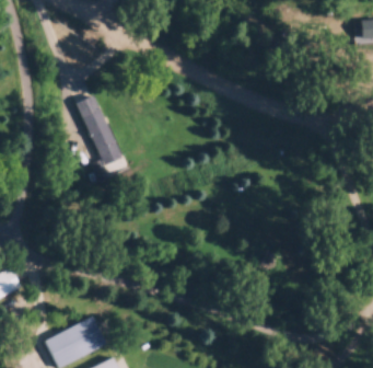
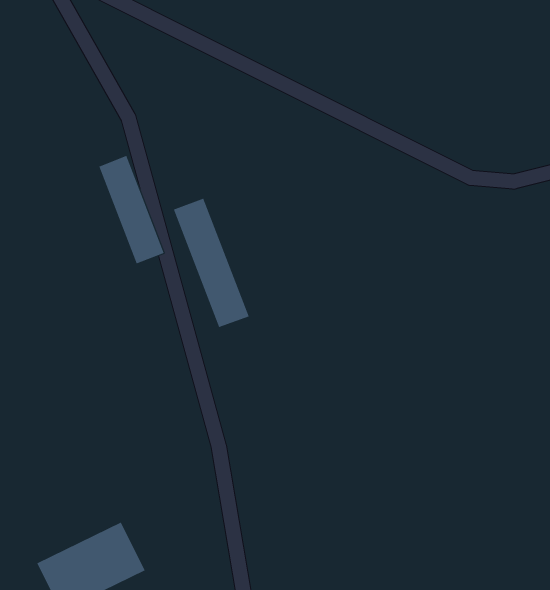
building: none -> [173,198,249,328]

